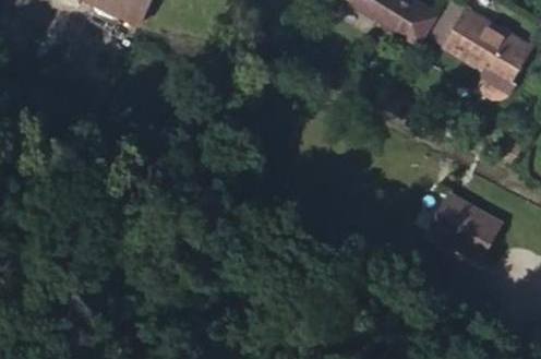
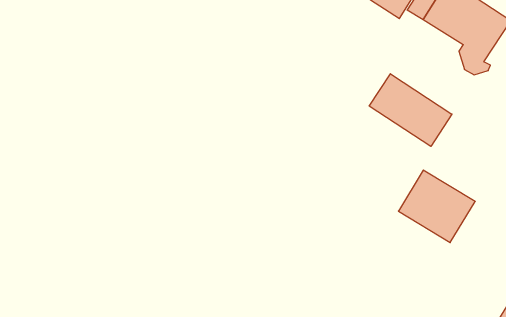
building: none -> [369,74,452,146]

